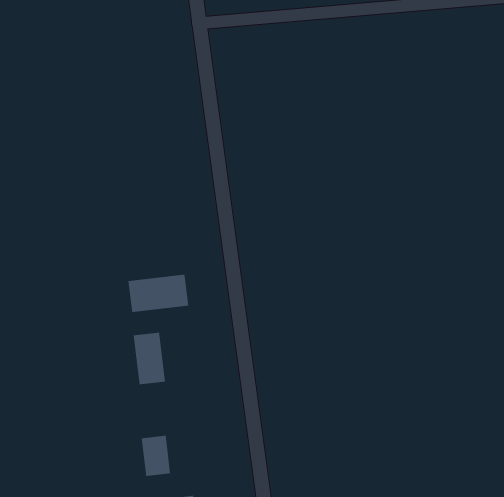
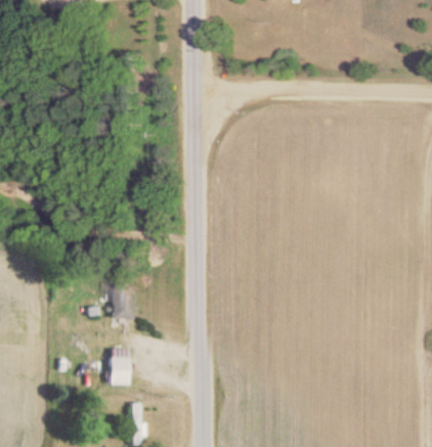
building: [128,274,189,313] -> none

